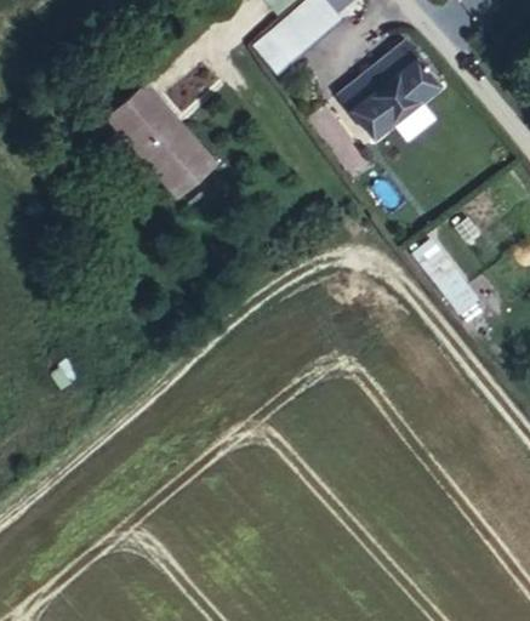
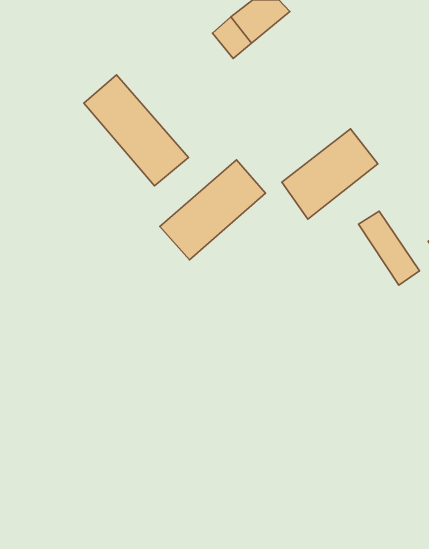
building: [334,46,440,147] -> [282,129,378,219]
building: none -> [160,160,265,260]

